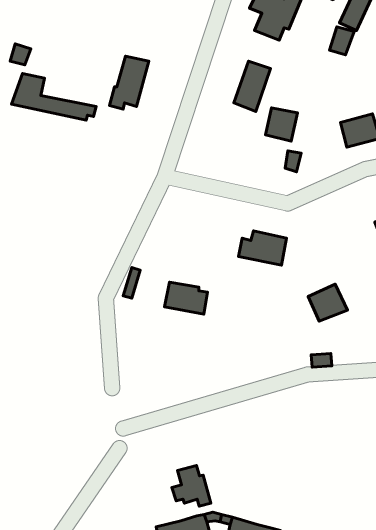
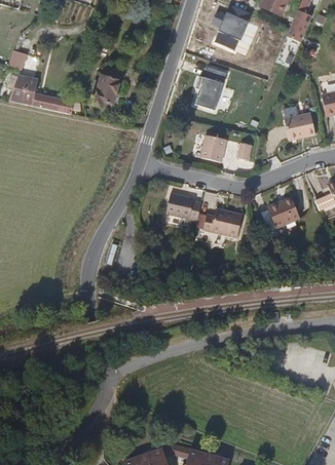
building: [265,108,297,141] -> [200,134,227,162]
building: [165,282,208,314] -> [166,195,202,222]
building: [308,284,347,321] -> [267,198,300,229]
building: [172,465,211,506] -> none

